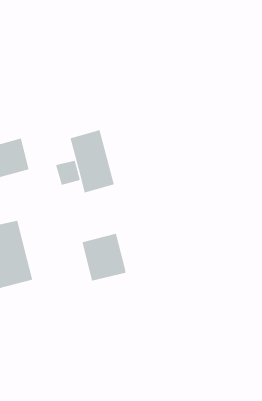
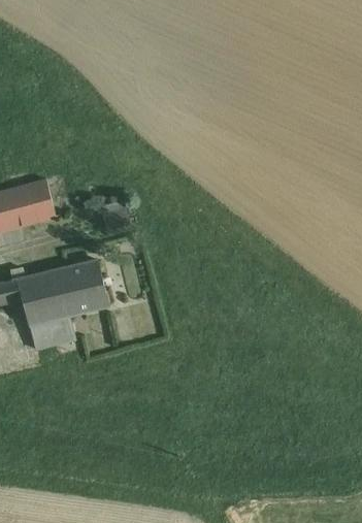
building: [70,129,115,194] -> none
building: [82,233,126,281] -> [57,260,108,316]

